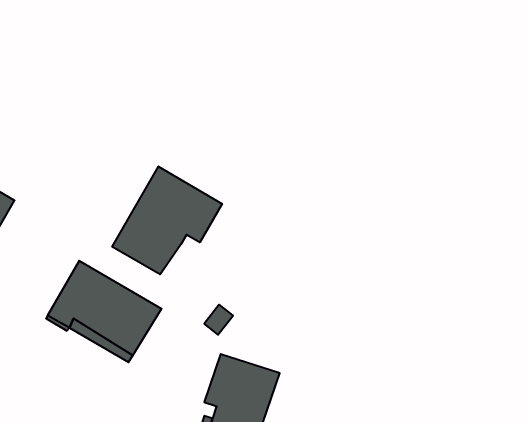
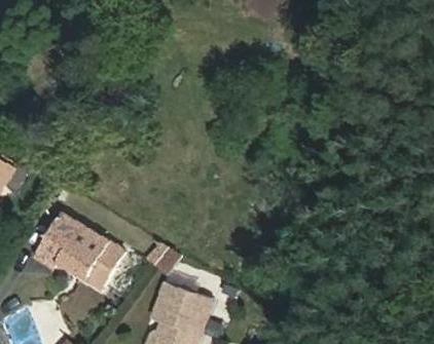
building: [112,166,222,274] -> none

